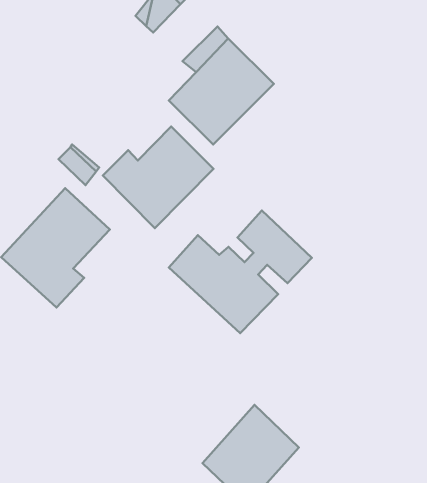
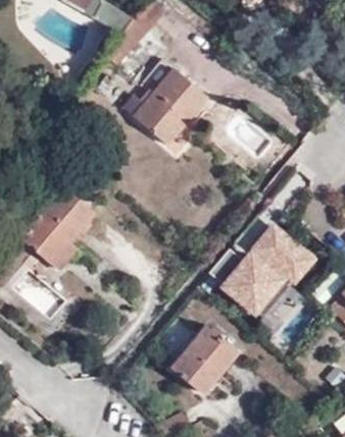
building: [103,126,214,228] -> none
building: [169,210,312,333] -> [210,223,312,312]

